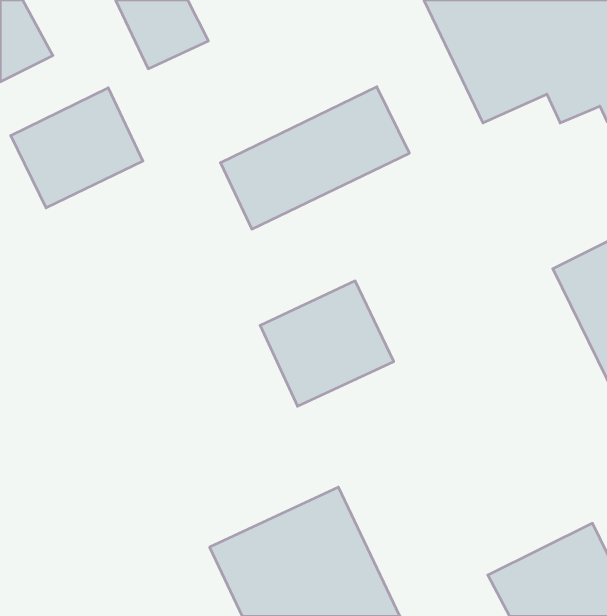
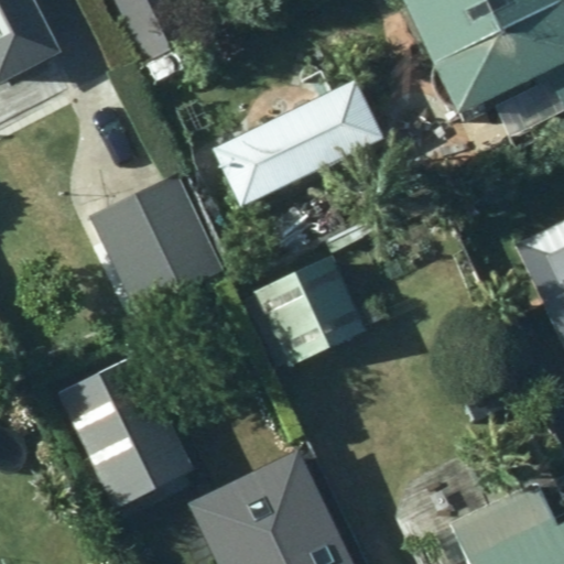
building: [11,88,143,208] -> none
building: none -> [88,174,224,315]
building: none -> [52,358,193,512]

